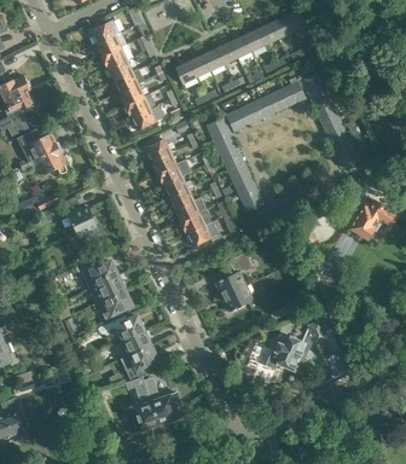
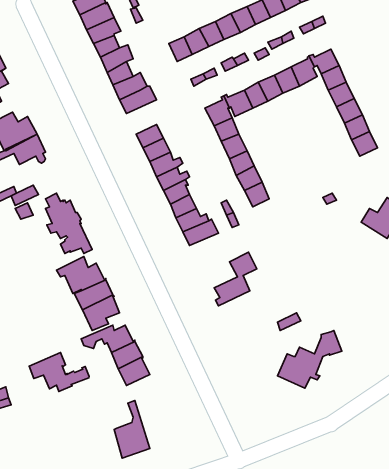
building: [218,285,263,311] -> none
building: none -> [29,353,89,391]
building: [143,377,182,424] -> none

